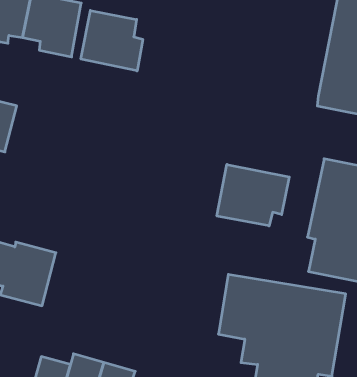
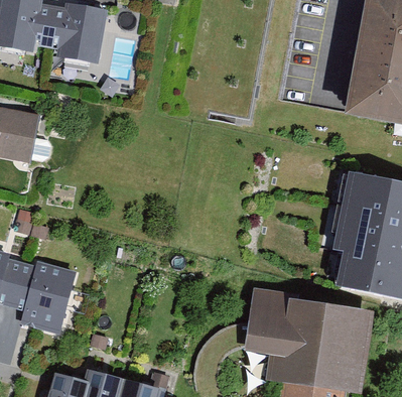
building: [81,10,143,71] -> none
building: [217,164,289,226] -> none

